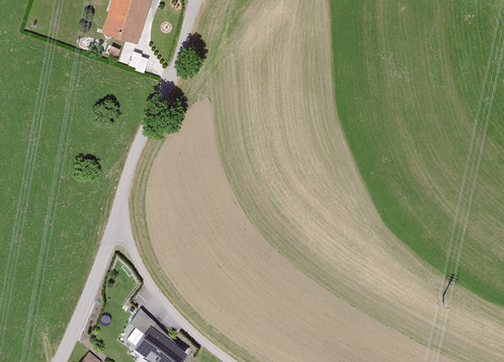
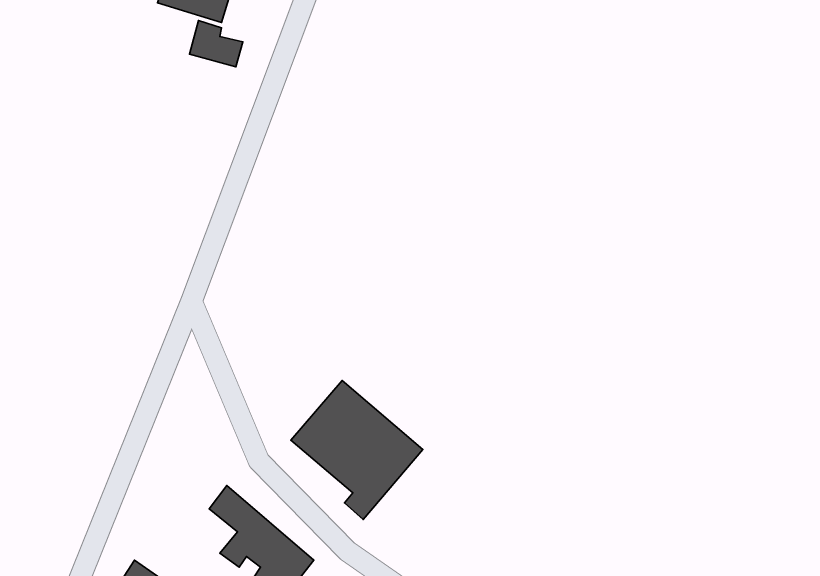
building: none -> [291,380,423,520]

